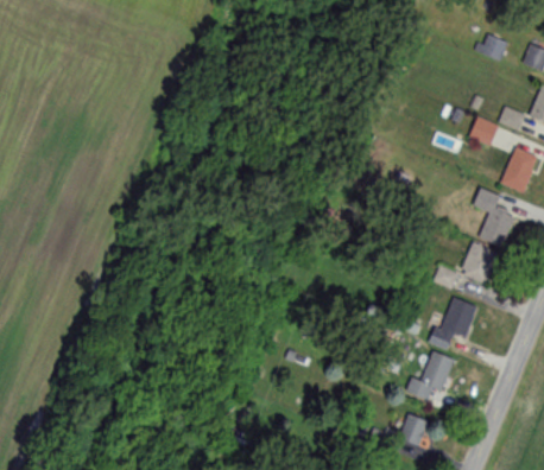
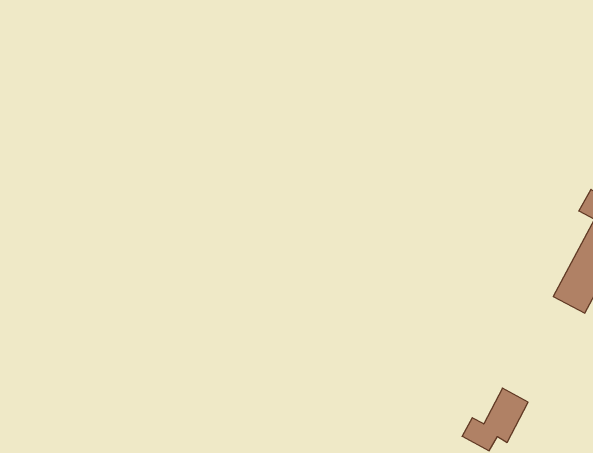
building: [432,296,477,348] -> none

